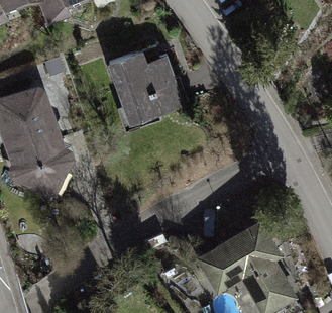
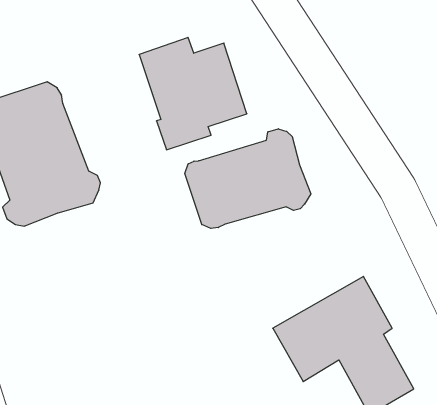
building: none -> [185,129,311,228]

